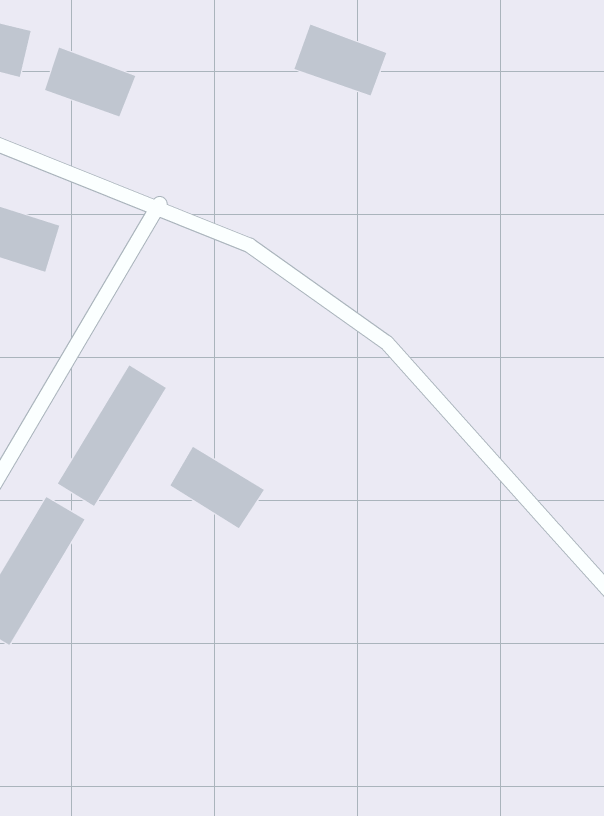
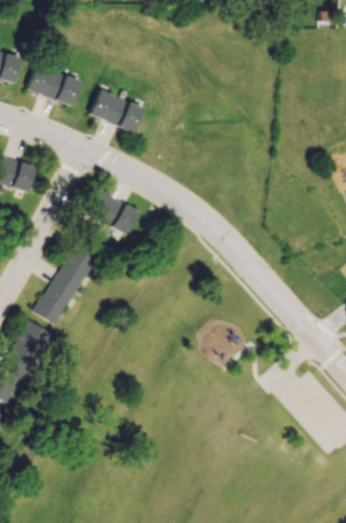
building: [293,24,387,96] -> [90,91,143,132]
building: none -> [87,190,140,234]
building: [169,446,265,529] -> none

